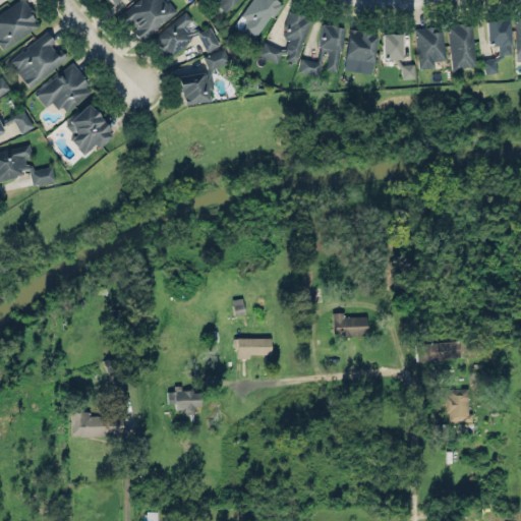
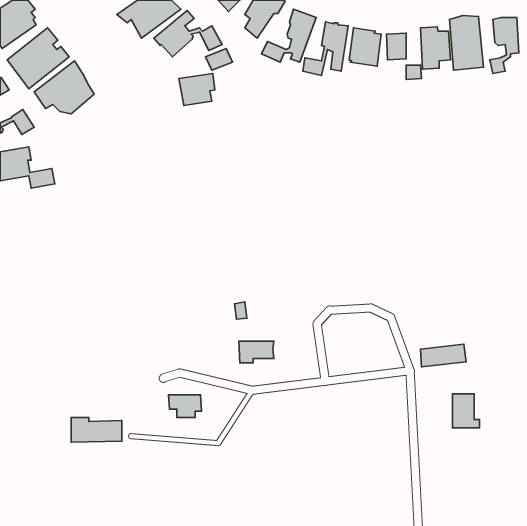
building: [65,105,114,153] -> none
building: [333,313,367,338] -> none

